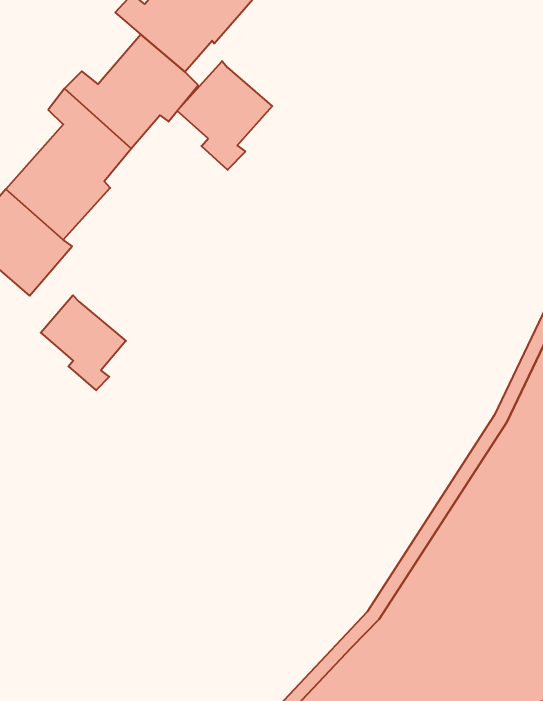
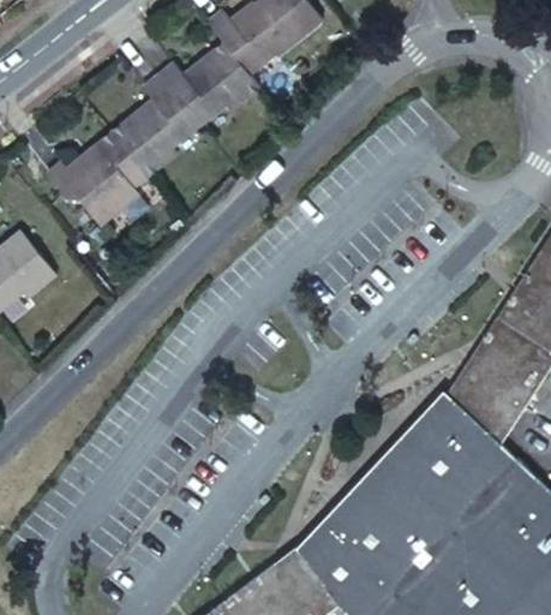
building: [177,61,272,170] -> none
building: [41,295,126,390] -> none

